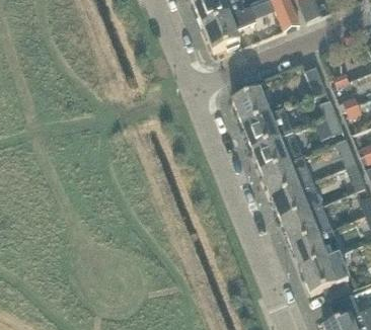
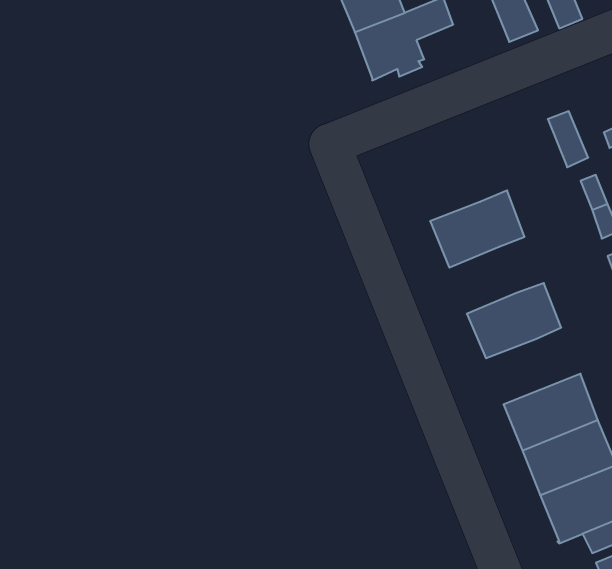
building: [233,89,270,125] -> none
building: [253,133,303,173] -> none
building: [273,180,322,221] -> none

